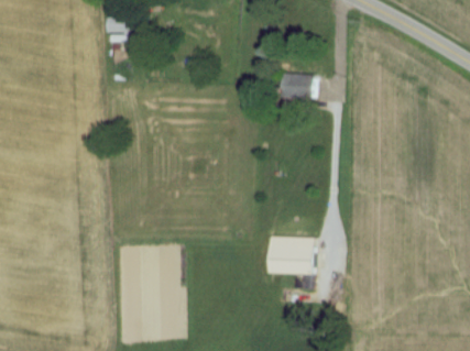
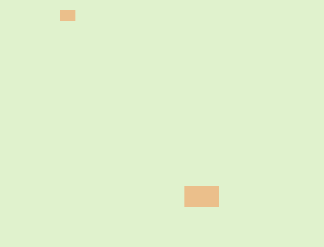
building: [282,74,316,98] -> none

